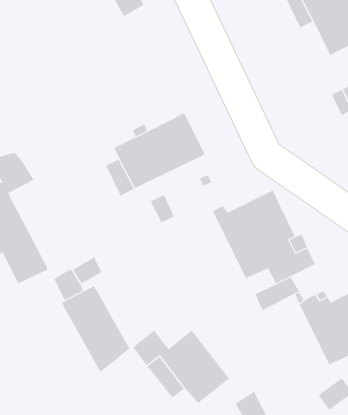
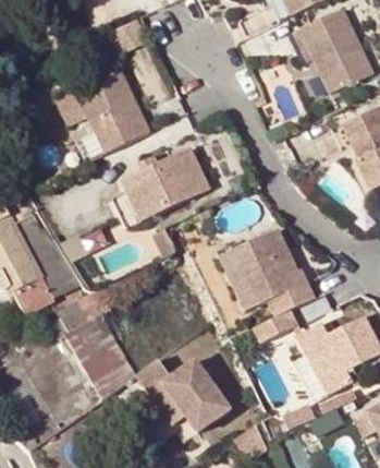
building: none -> [75,72,150,157]
building: none -> [15,214,83,300]

